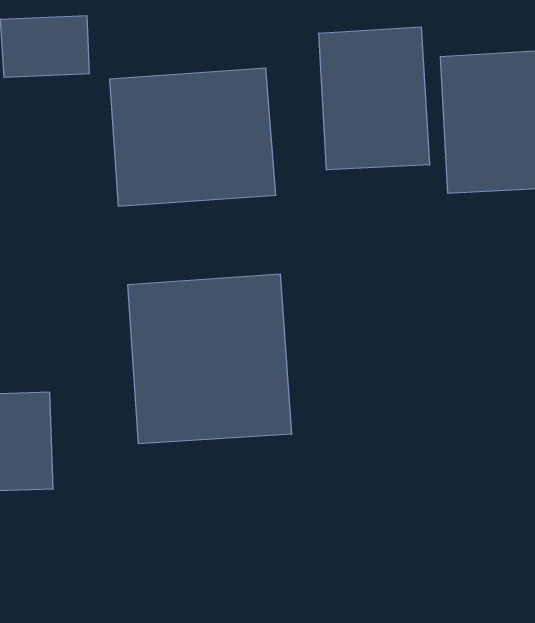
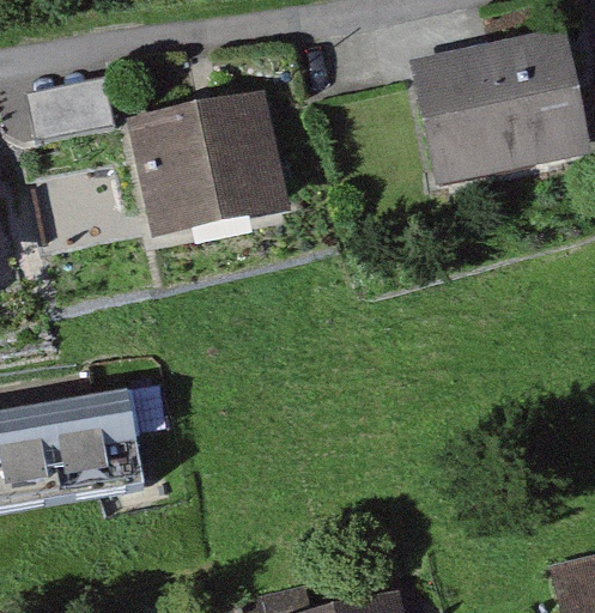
building: [319,27,430,170] -> none
building: [128,274,292,444] -> none

